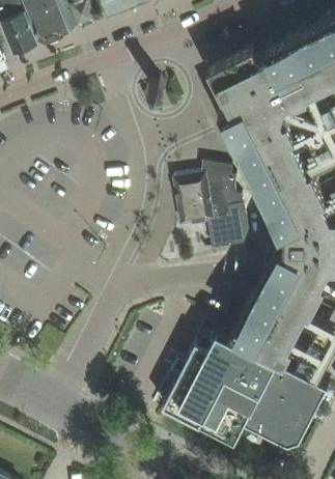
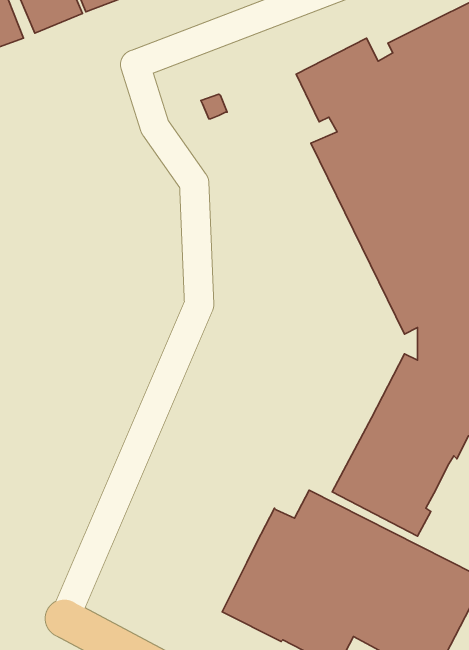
building: [174,163,250,249] -> none

